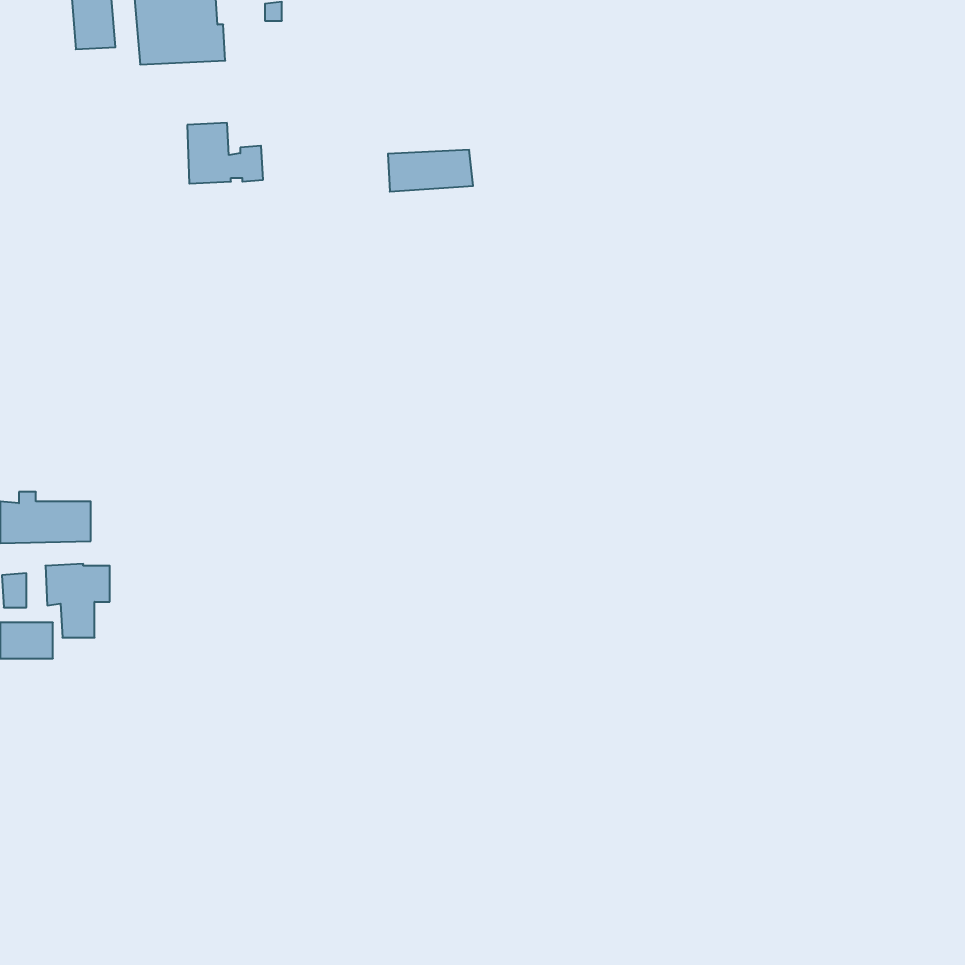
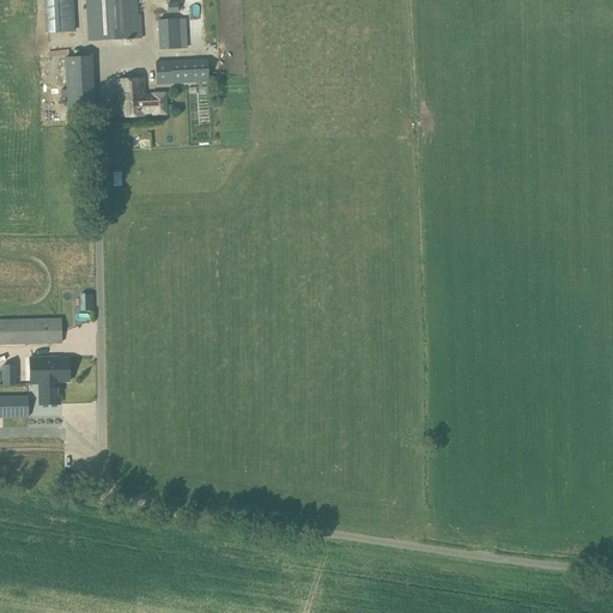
building: none -> [159,18,182,49]
building: none -> [66,55,95,108]
building: [388,150,473,192] -> [157,59,211,85]

